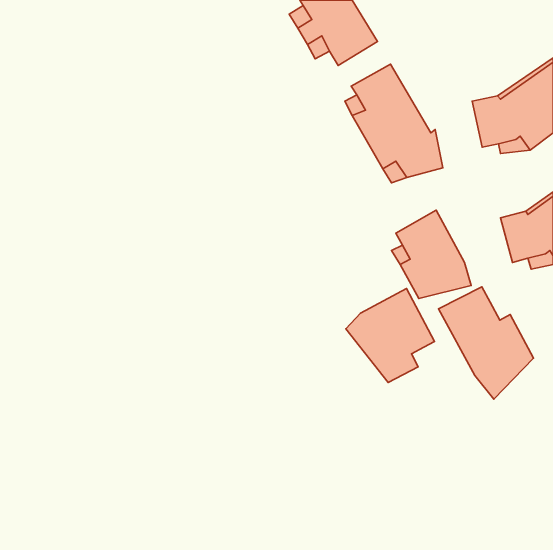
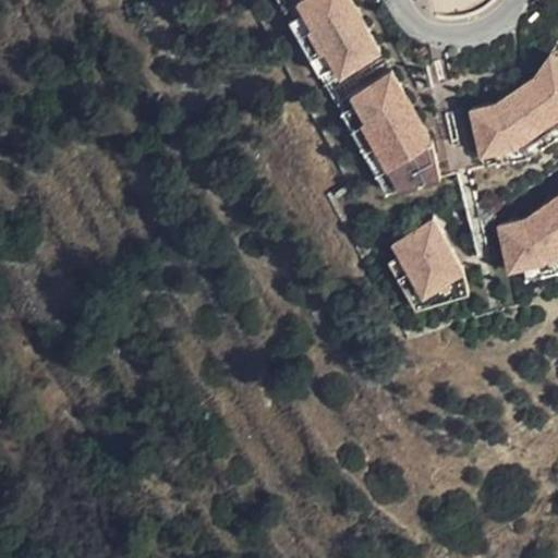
building: [439,287,534,399] -> none
building: [346,288,434,383] -> none

